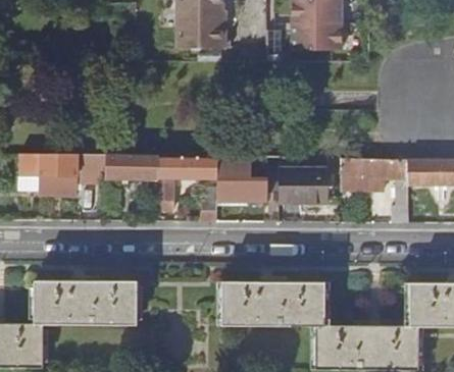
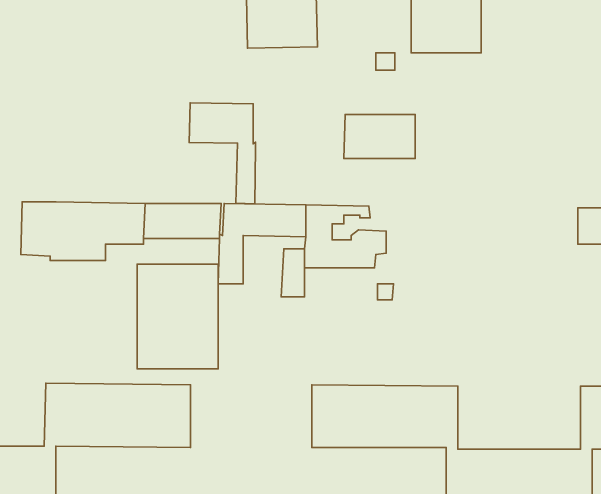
building: none -> [189,103,256,204]
building: [340,158,408,223] -> none
building: [279,170,329,201] -> [344,114,415,158]
building: none -> [137,264,218,369]

